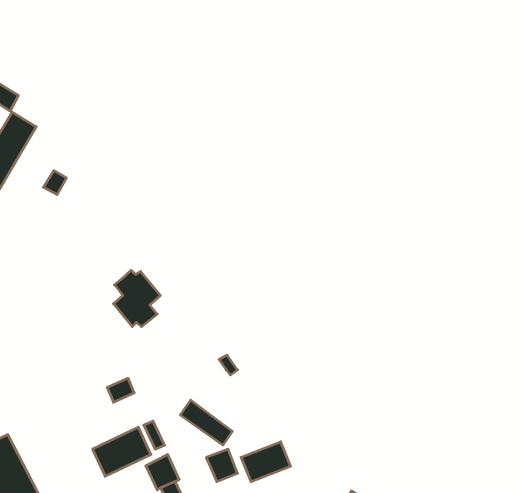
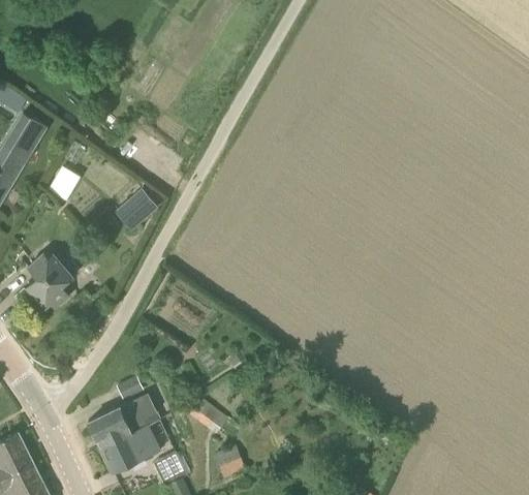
building: none -> [121,192,155,226]
building: [113,270,160,327] -> [25,253,71,309]
building: none -> [87,394,156,447]
building: [241,442,291,482] -> none

